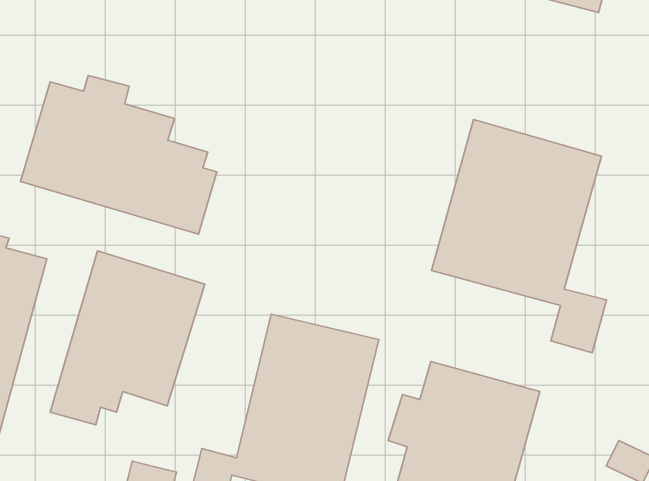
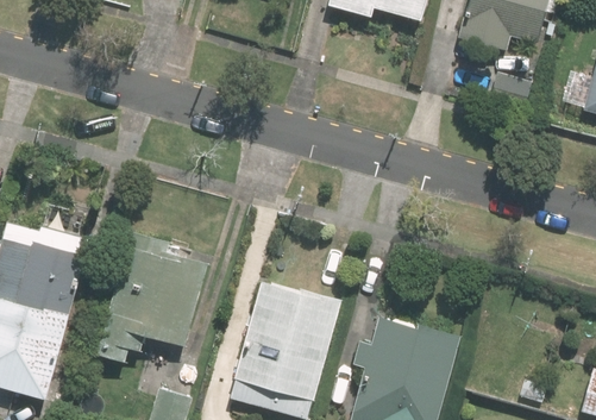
building: [20,75,217,234] -> none
building: [432,120,606,353] -> none

